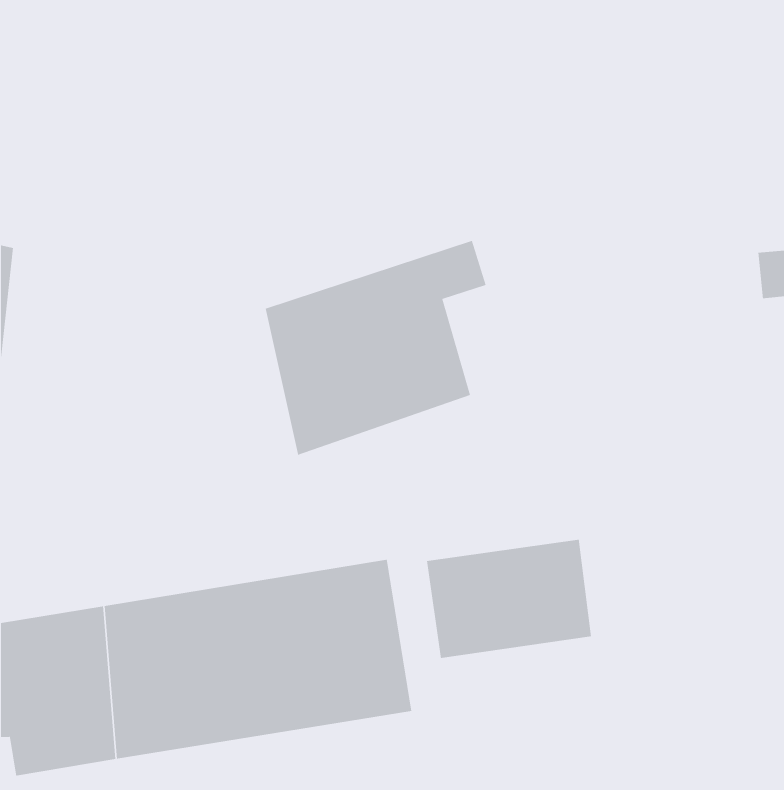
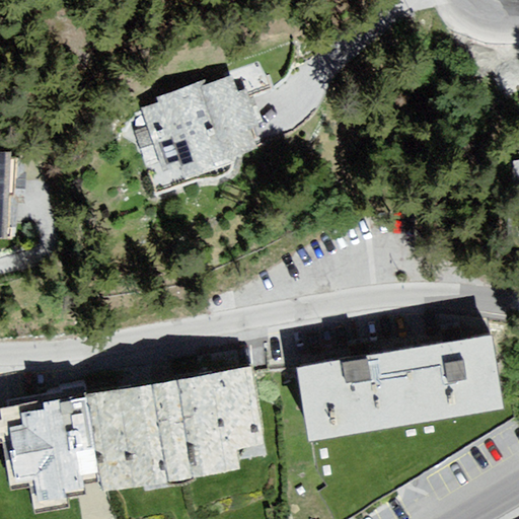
building: [265,240,486,456] -> [128,60,273,201]
building: none -> [384,338,503,417]

